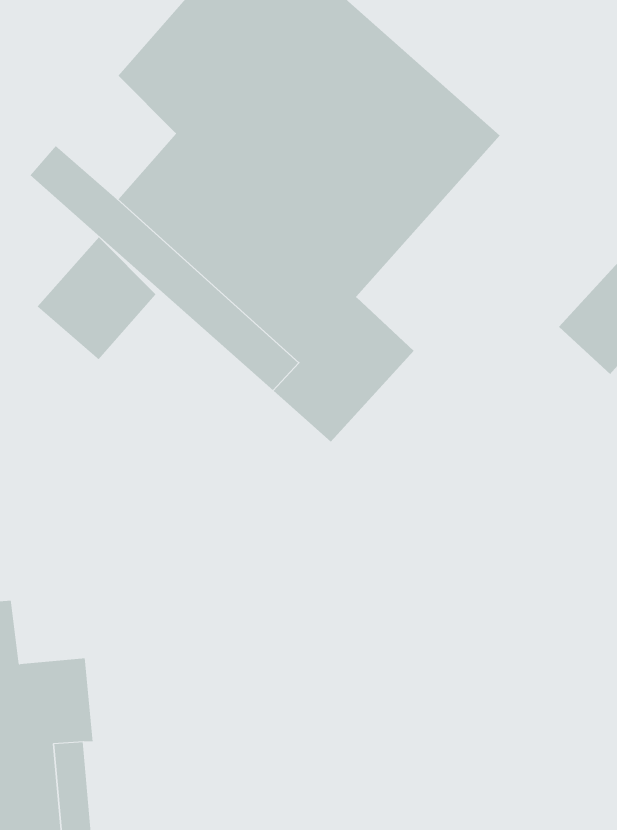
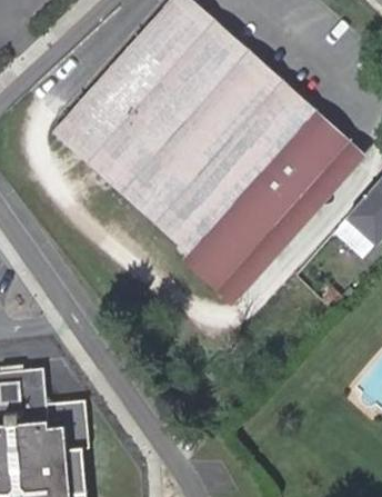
building: none -> [221,109,366,296]
building: [37,237,157,360] -> [68,76,134,145]

